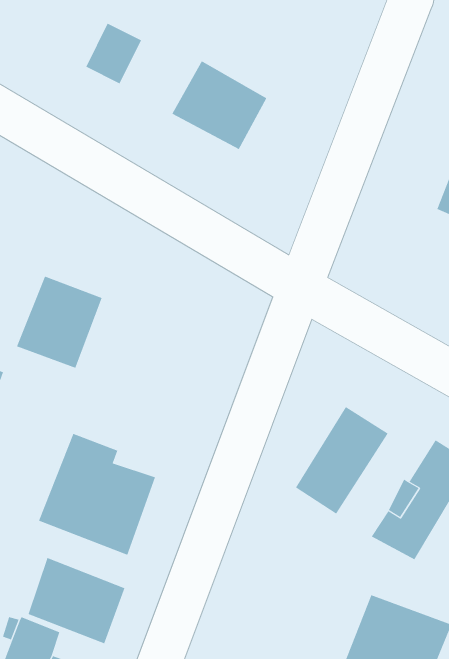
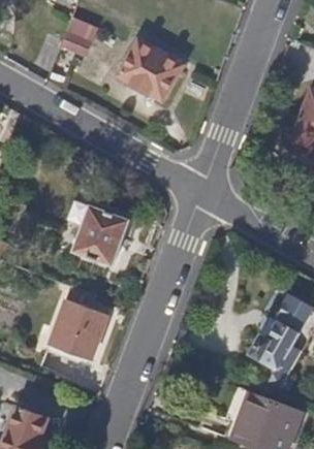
building: [16,276,102,368] -> [72,204,129,265]
building: [295,406,389,514] -> none
building: [28,557,125,644] -> none

